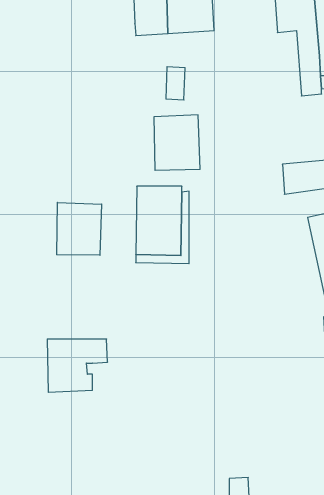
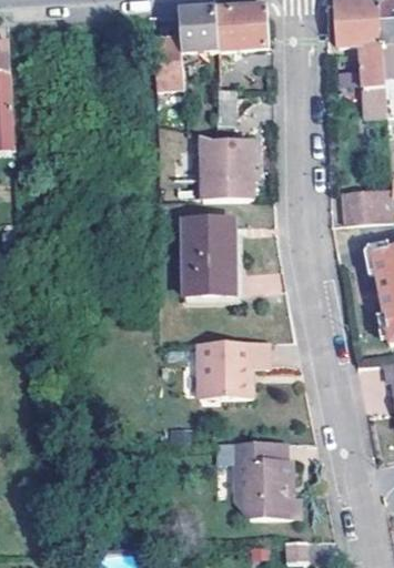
building: none -> [153,38,183,90]
building: [57,202,102,255] -> none
building: [47,339,108,392] -> [200,339,266,398]
building: none -> [216,439,299,517]

